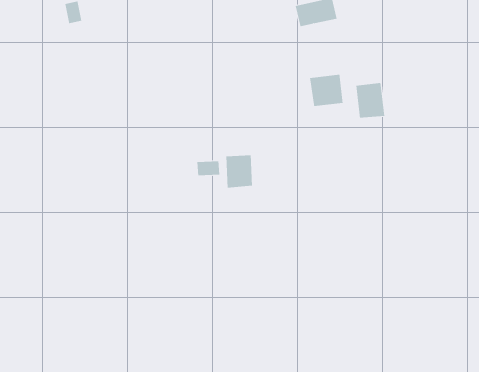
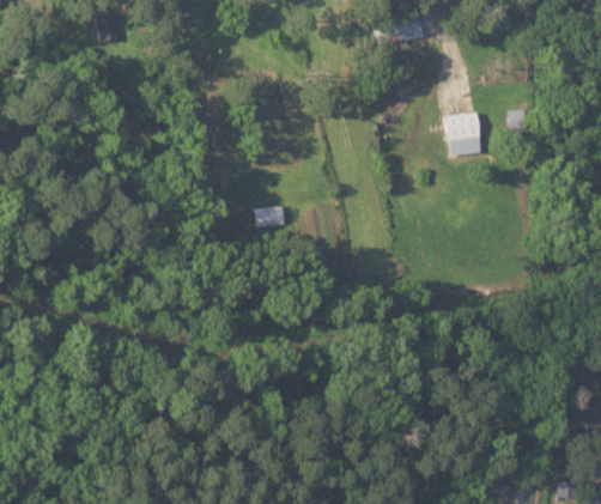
building: [310,74,343,107] -> none
building: [226,155,253,188] -> none

